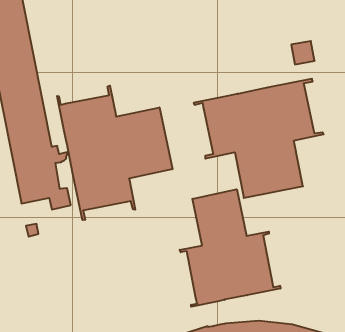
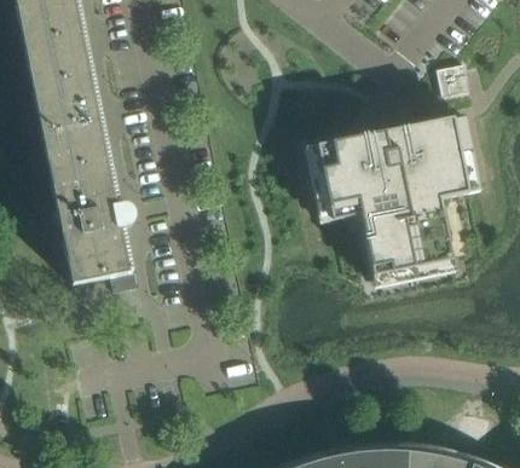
building: [57,86,172,220] -> none
building: [180,189,280,307] -> none

